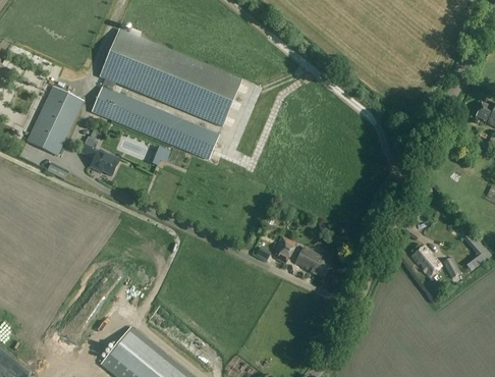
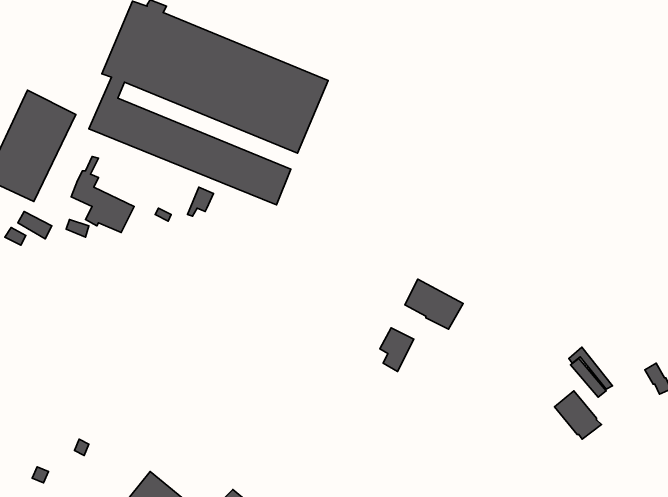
building: [410,245,440,275] -> [555,391,601,439]
building: [295,248,332,279] -> [405,279,463,329]

